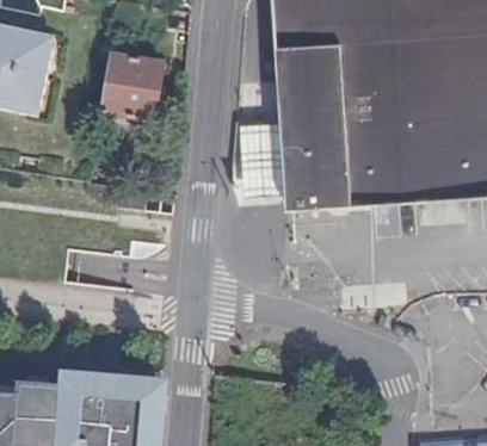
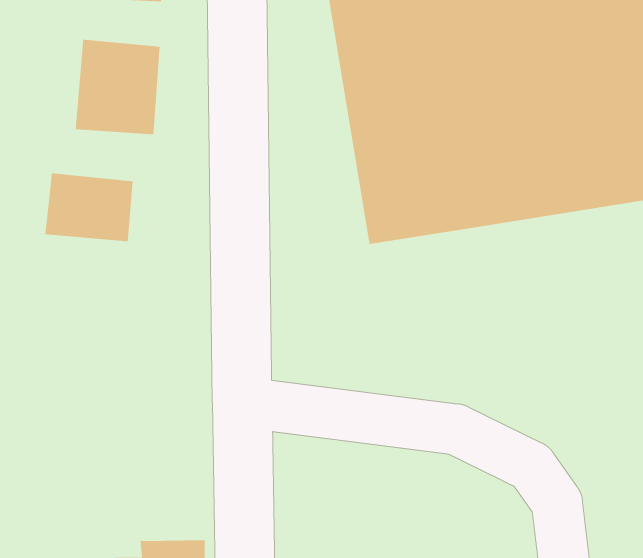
building: none -> [44,173,133,242]

